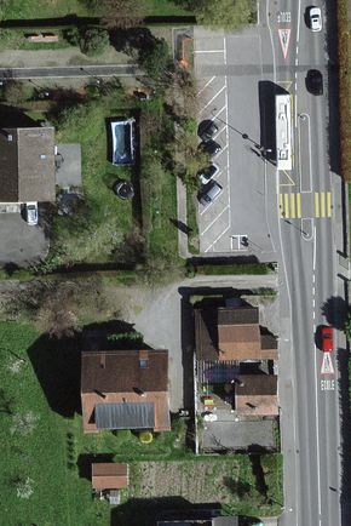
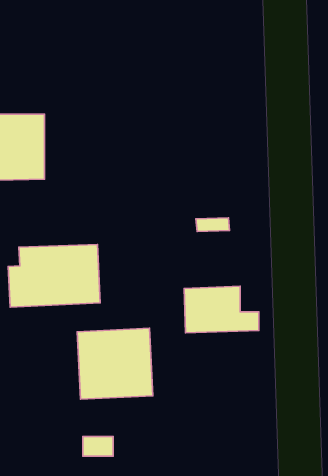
building: none -> [8,244,100,307]
building: [236,377,275,407] -> none

